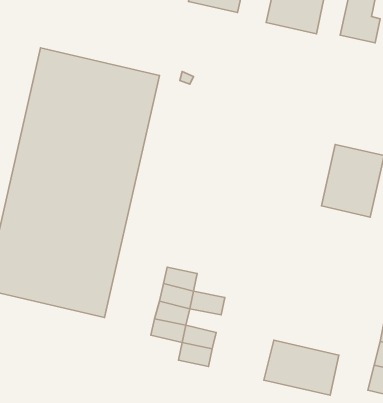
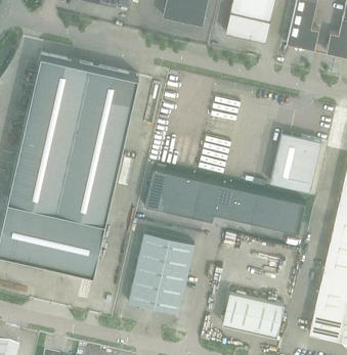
building: none -> [144,169,305,233]
building: none -> [166,238,194,258]
building: none -> [160,267,188,286]
building: none -> [128,289,157,309]

